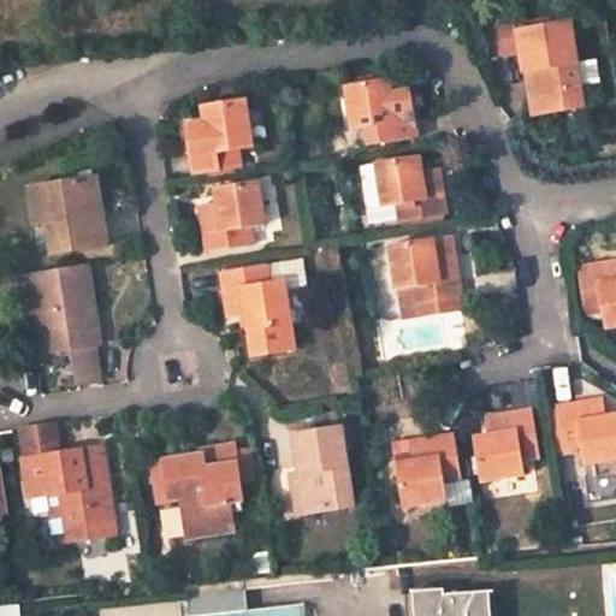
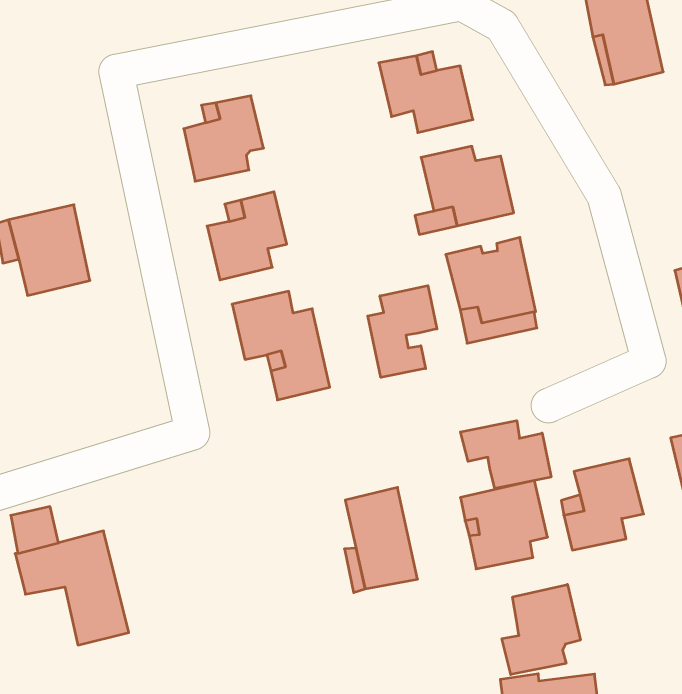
building: [32,265,96,381] -> none
building: none -> [368,286,437,377]
building: none -> [460,421,551,488]
building: [153,446,239,535] -> none
building: none -> [502,584,580,675]

